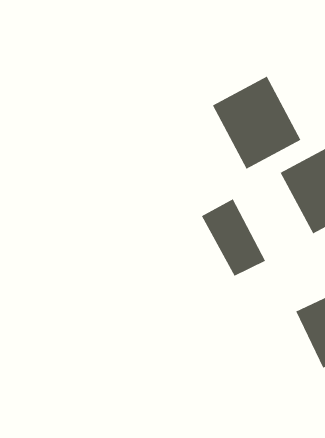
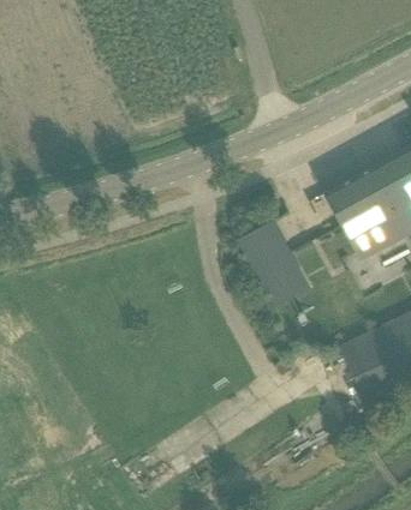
building: [212,76,301,170] -> none

